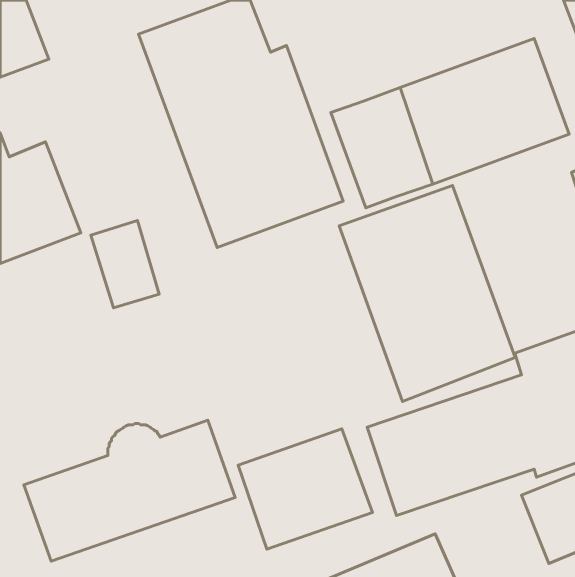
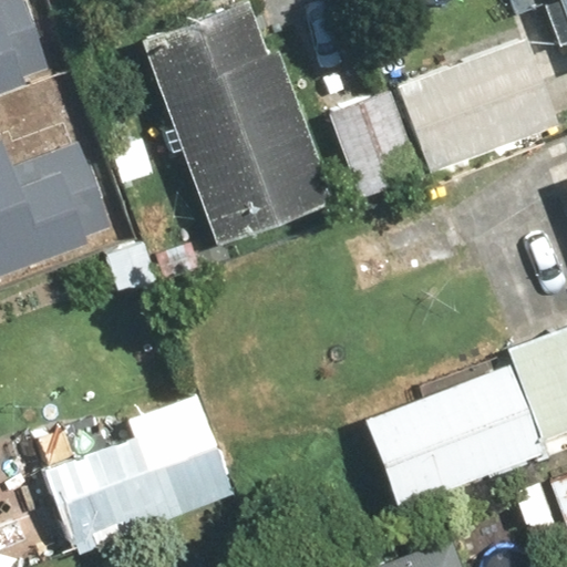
building: [339,185,515,401] -> none
building: [238,429,373,549] -> none

